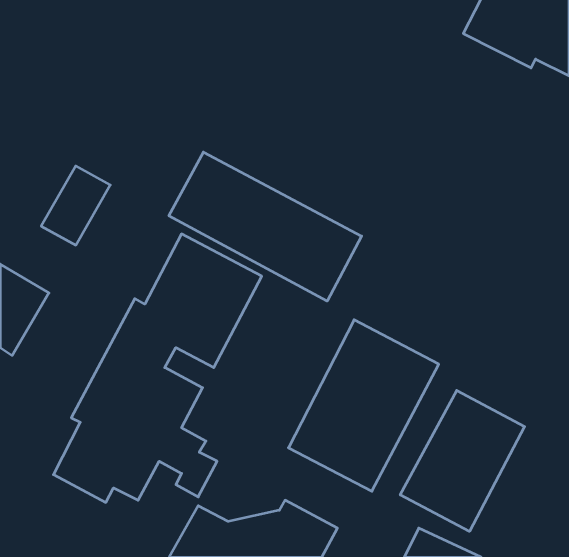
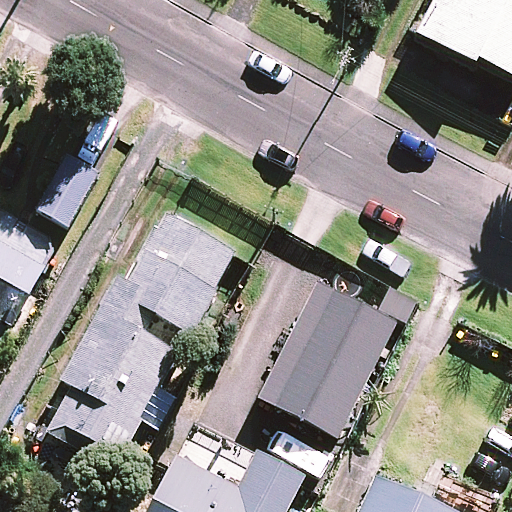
building: [169,152,362,301] -> none
building: [400,390,525,531] -> none

